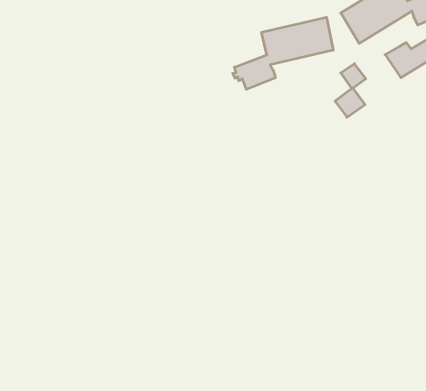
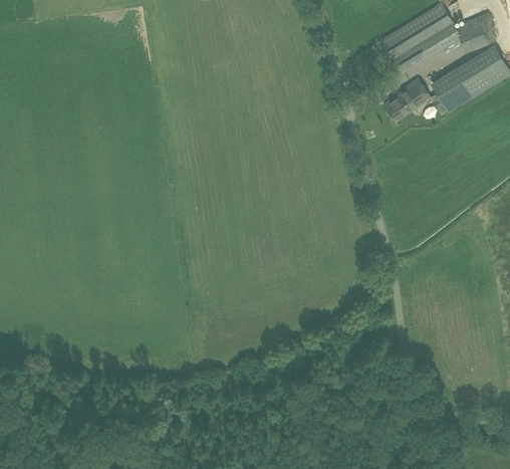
building: [233,17,333,89] -> none
building: [335,88,365,117] -> [398,78,430,110]

